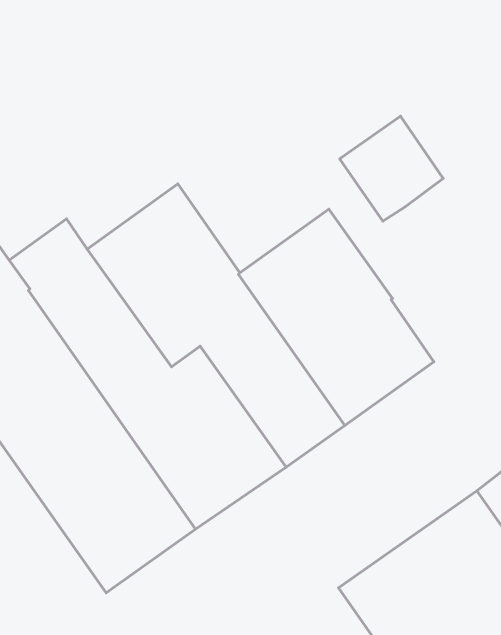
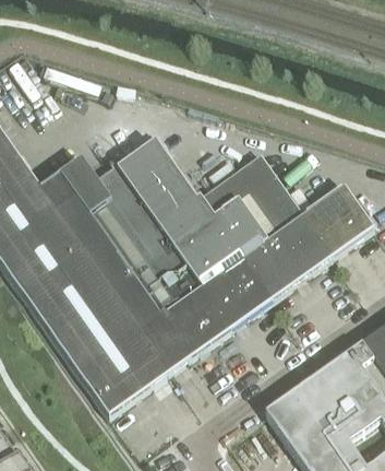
building: [340,116,443,221] -> [303,182,374,255]

